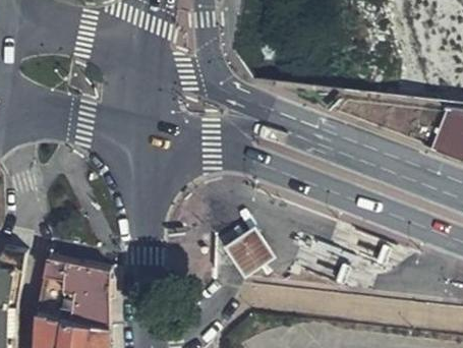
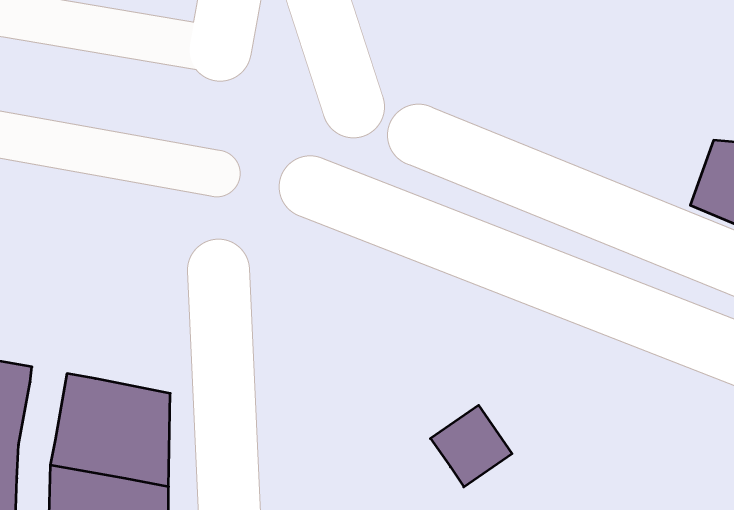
building: [224,223,274,273] -> [430,405,512,487]

